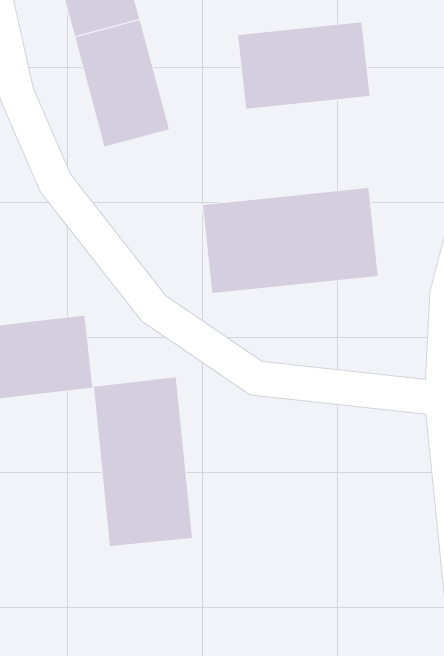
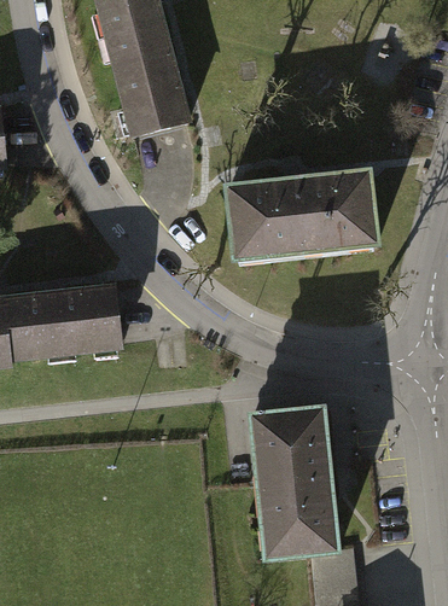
building: [238,21,370,110] -> none
building: [93,377,193,546] -> [248,406,337,558]

